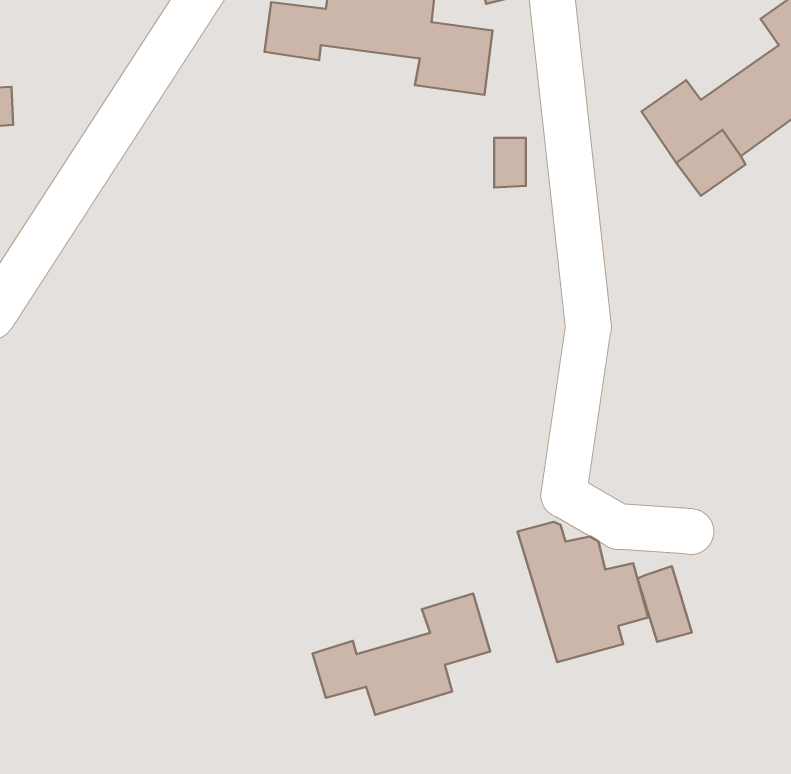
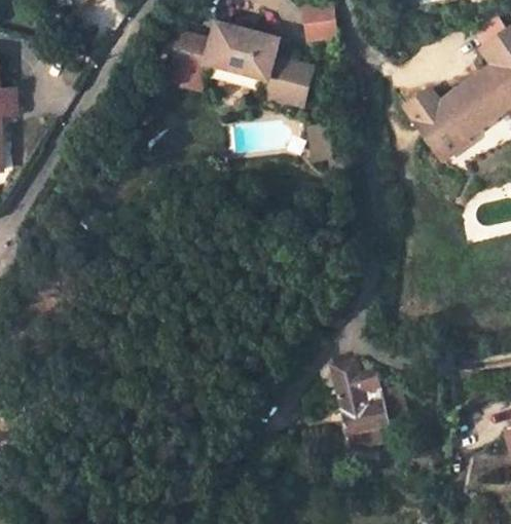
building: [637,566,692,642] -> none
building: [313,594,490,715] -> none

